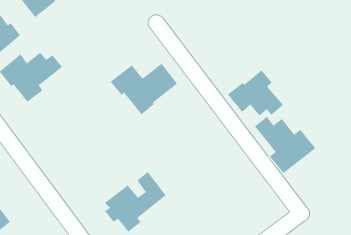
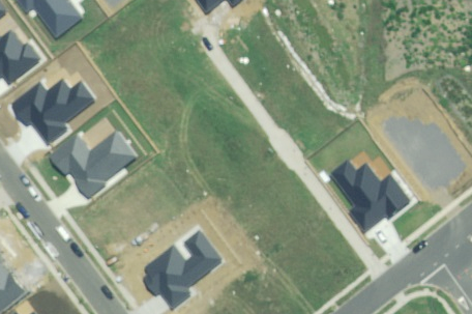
building: [110,63,178,115] -> [51,131,136,196]
building: [227,70,284,116] -> none

